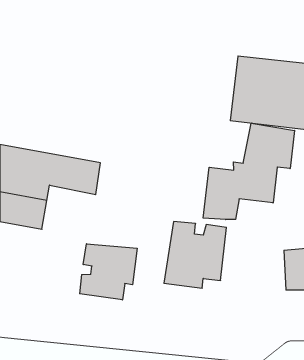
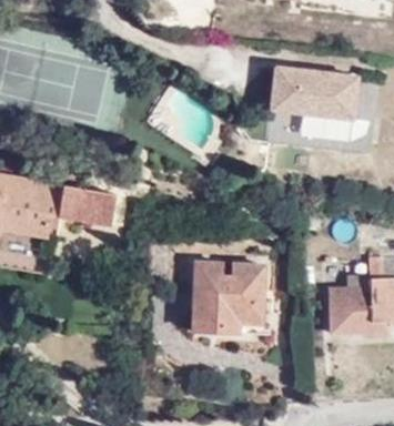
building: [203,123,295,220] -> none
building: [80,244,137,300] -> none

